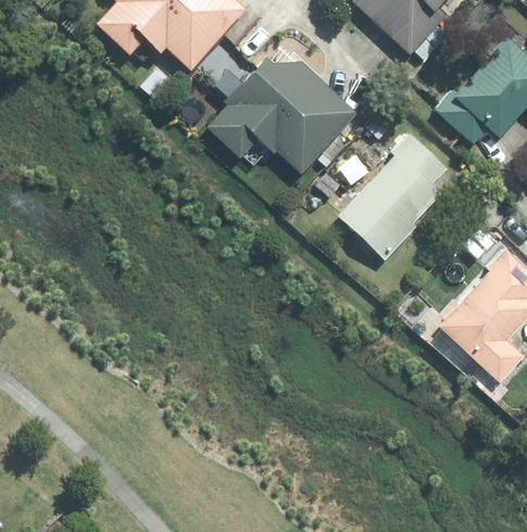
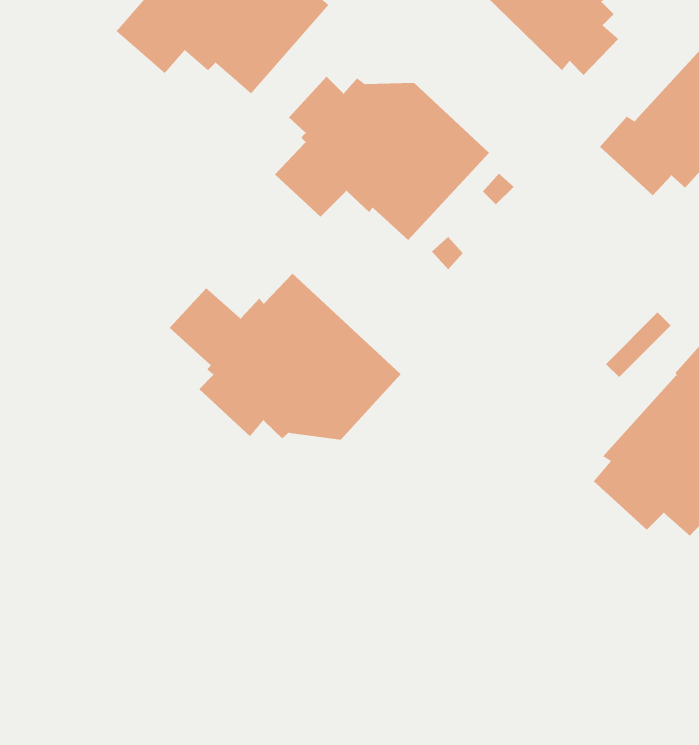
building: [339,132,447,259] -> none
building: none -> [169,273,402,441]

